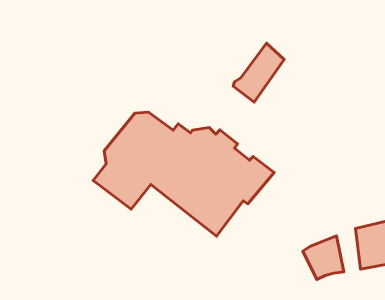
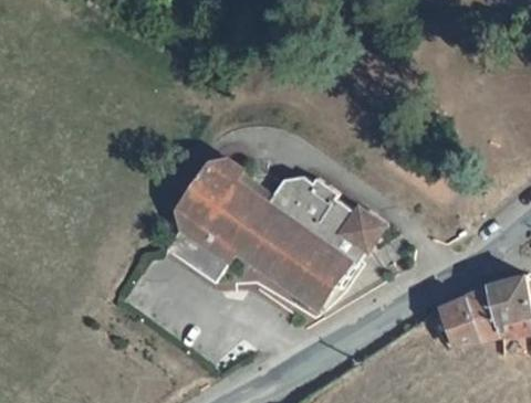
building: [233,43,284,102] -> none
building: none -> [464,289,494,342]

